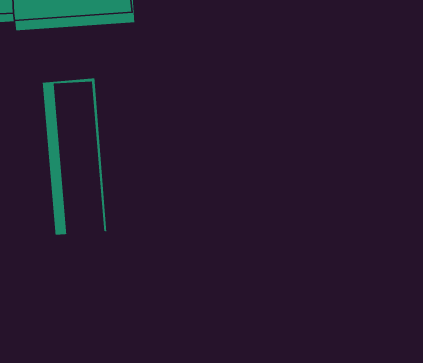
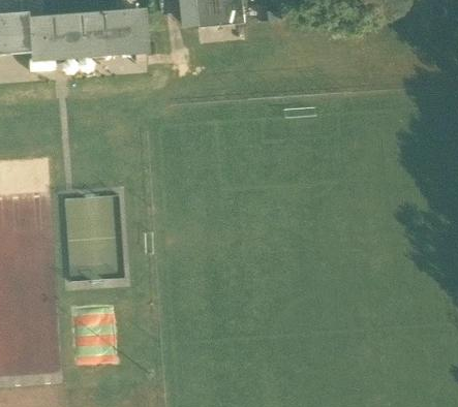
building: [42,77,107,235] -> none

